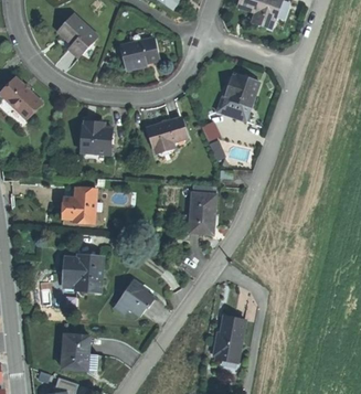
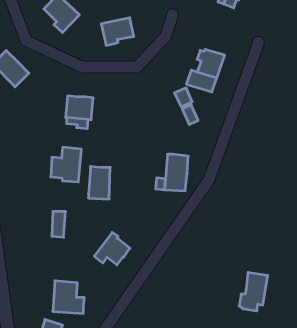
building: [147,120,185,152] -> none
building: [78,255,103,291] -> [88,166,110,199]
building: [211,317,243,360] -> [239,272,268,311]

